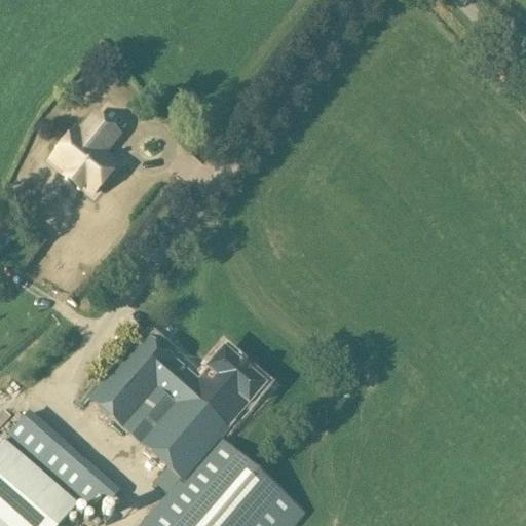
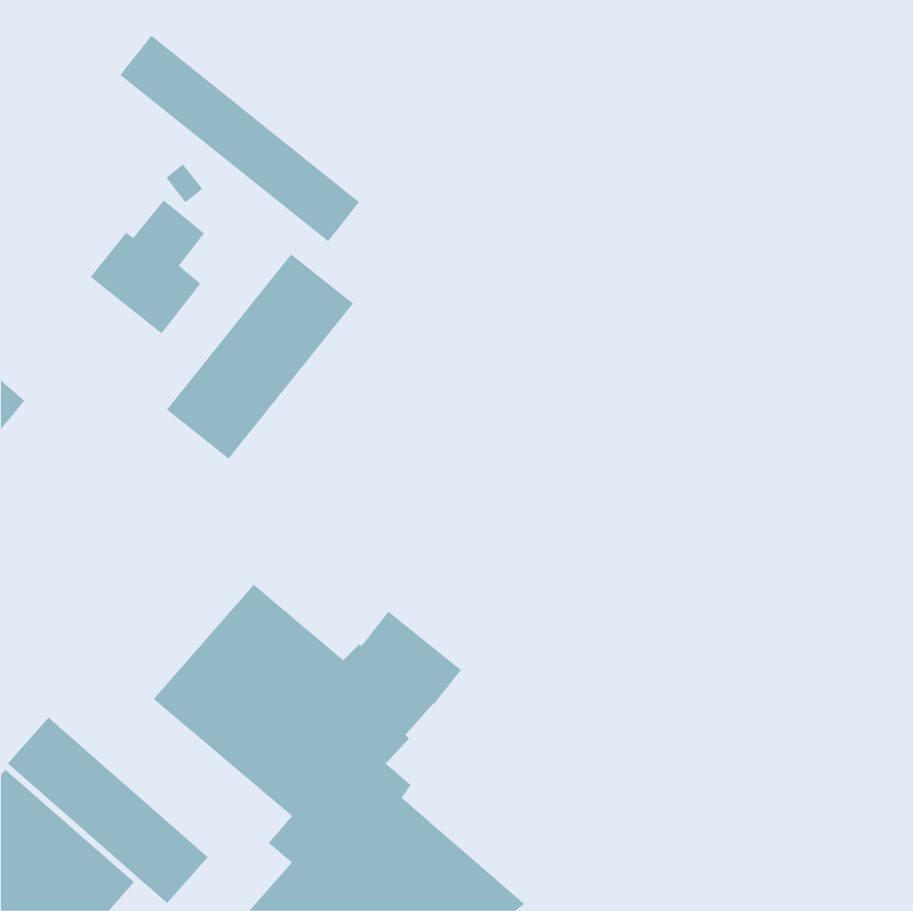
building: none -> [120,35,360,242]
building: none -> [166,254,354,460]

